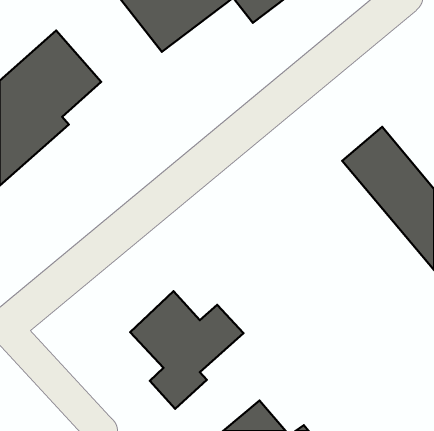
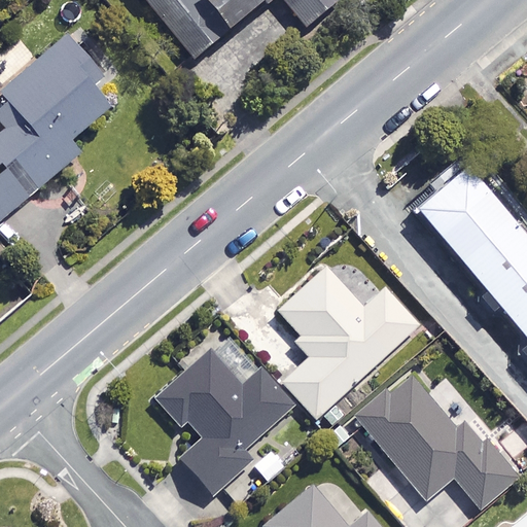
building: none -> [275,264,419,417]
building: none -> [355,371,518,508]

